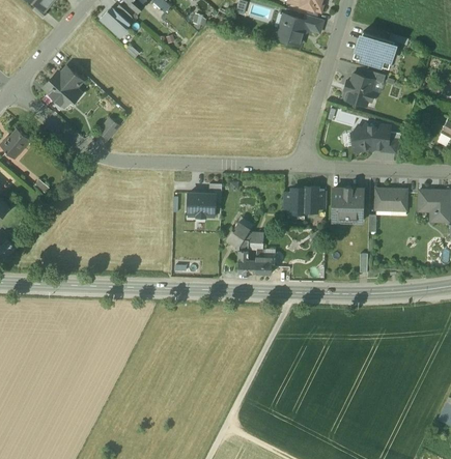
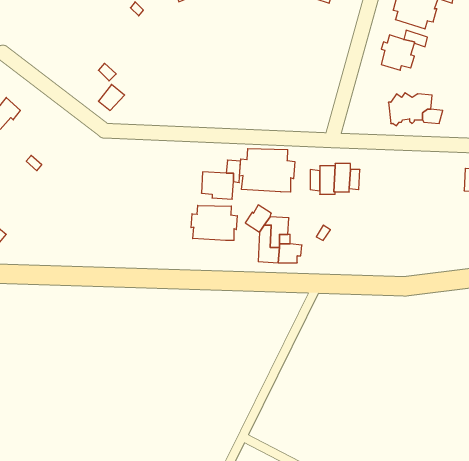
building: [41,66,82,106] -> none
building: none -> [240,149,295,192]
building: [332,188,362,222] -> none
building: [374,189,405,211] -> none
building: none -> [191,205,237,240]

